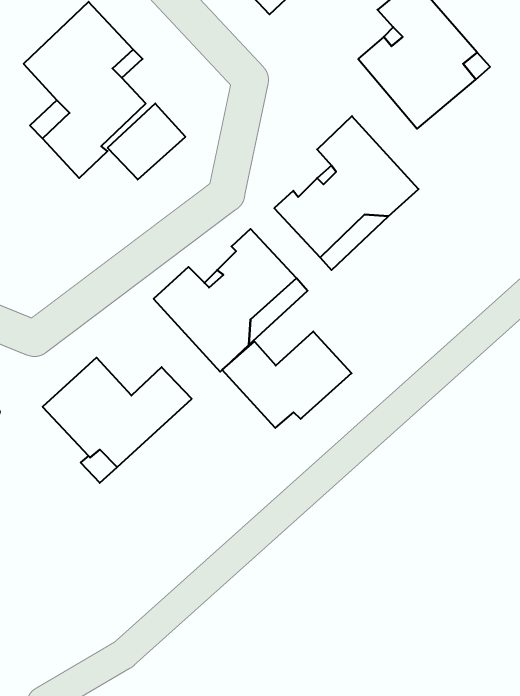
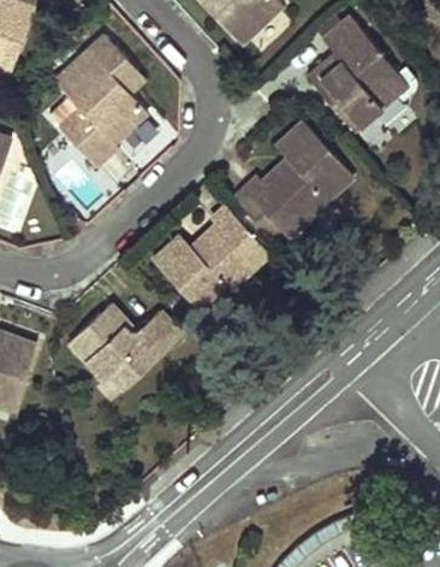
building: [222,331,352,428] -> none

